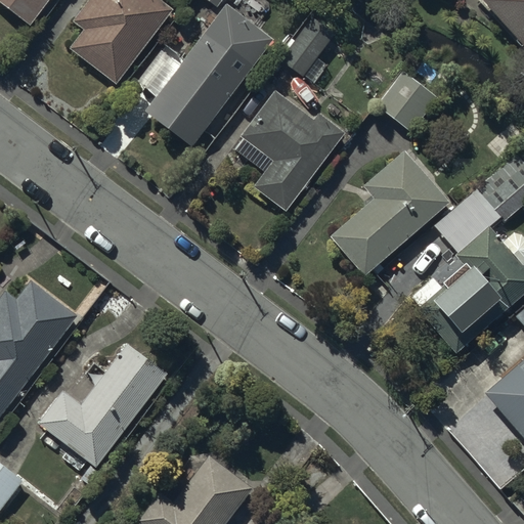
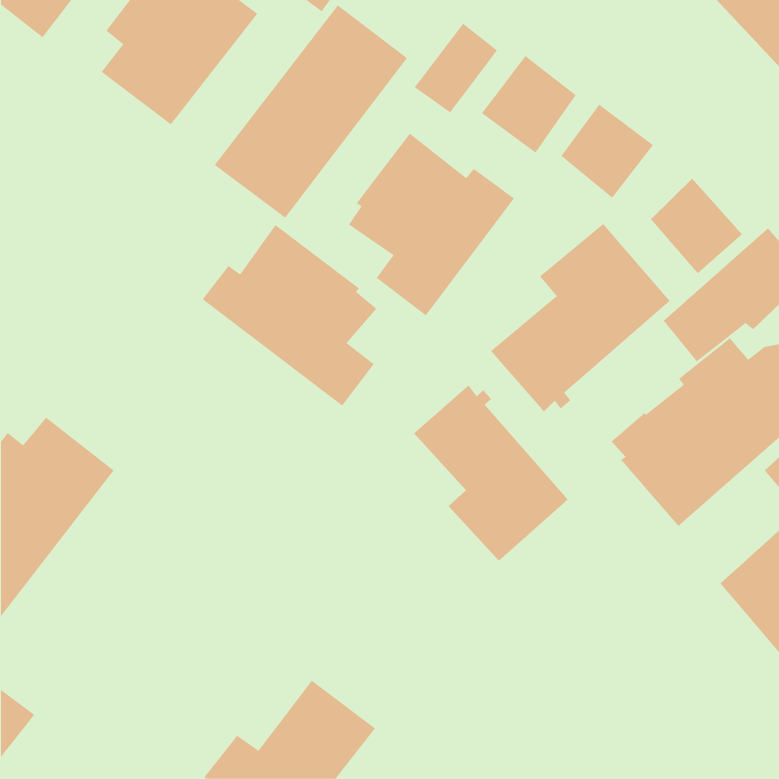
building: none -> [481,55,576,154]
building: none -> [650,178,743,274]
building: none -> [202,224,377,406]
building: none -> [413,385,569,562]
building: [38,343,168,471] -> none

